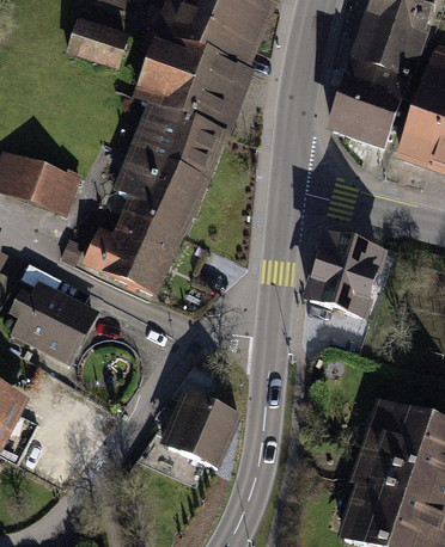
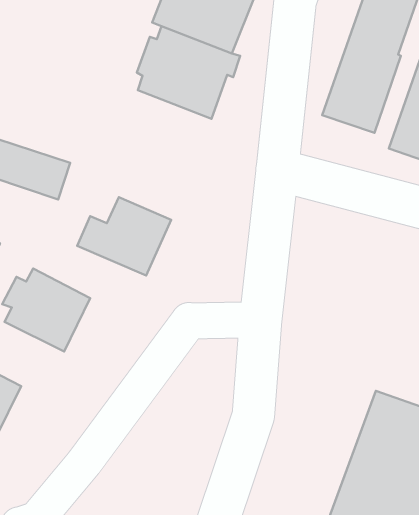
building: [68,23,126,64] -> none
building: [118,104,220,232] -> none
building: [301,240,385,326] -> none
building: [160,392,244,471] -> none

